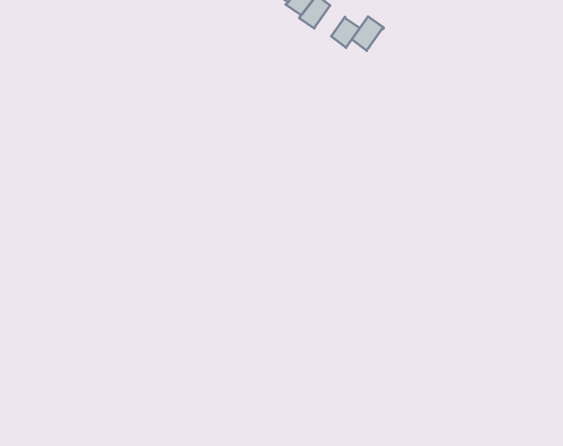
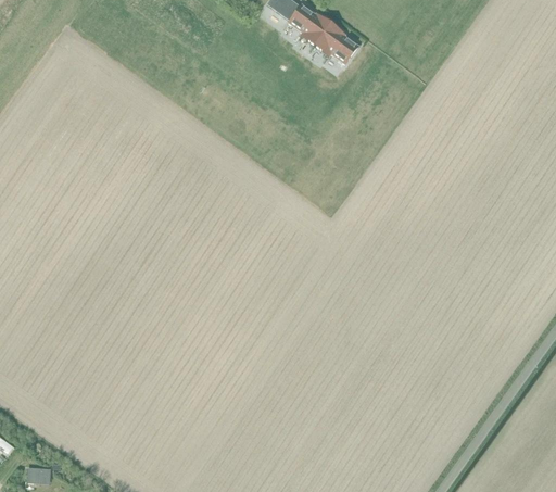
building: [352,17,384,51] -> [316,22,346,54]

